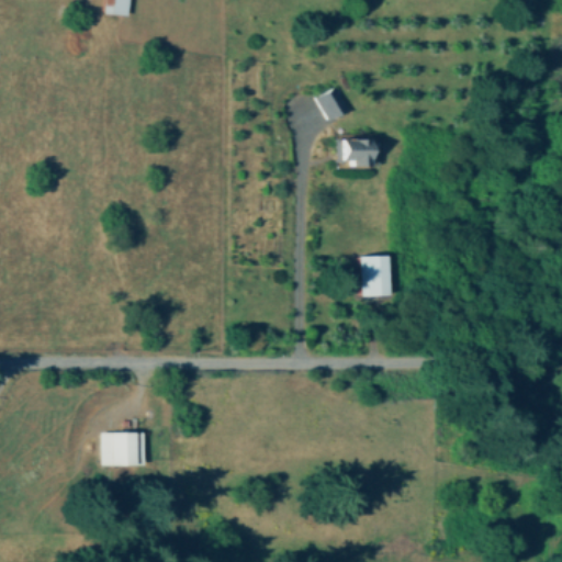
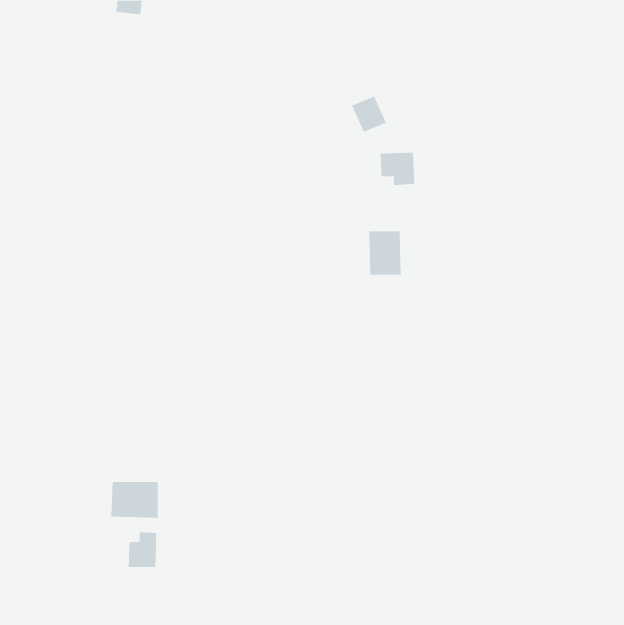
building: [361,256,391,295] -> [368,231,402,275]
building: none -> [128,531,157,568]

